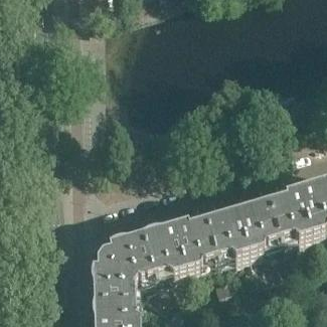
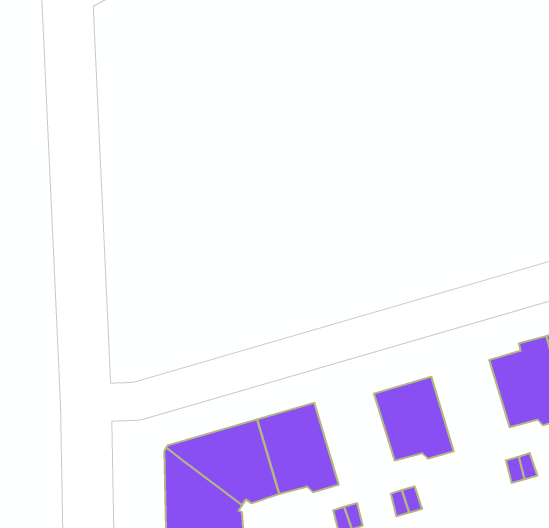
building: [236,204,279,254] -> none
building: [173,222,216,272] -> none

